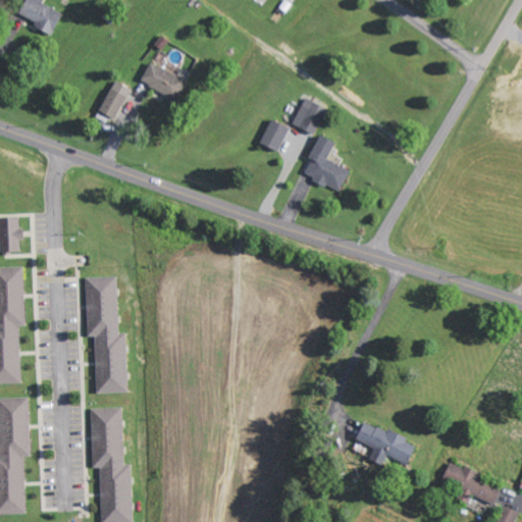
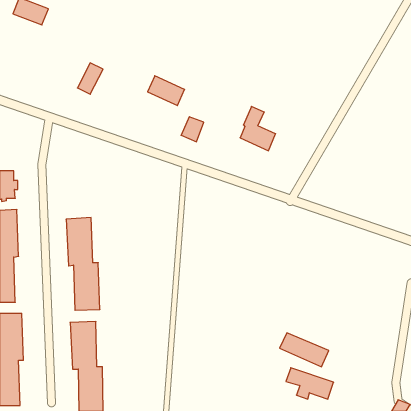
building: [139,62,186,100] -> [148,76,185,106]
building: [293,98,326,134] -> none
building: [259,119,288,151] -> [181,117,204,142]
building: [441,464,502,504] -> [286,368,334,399]

